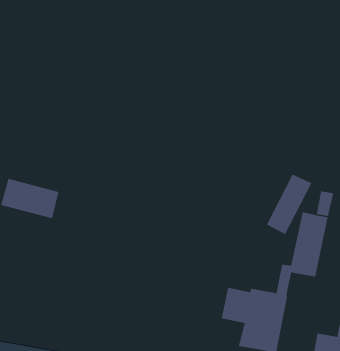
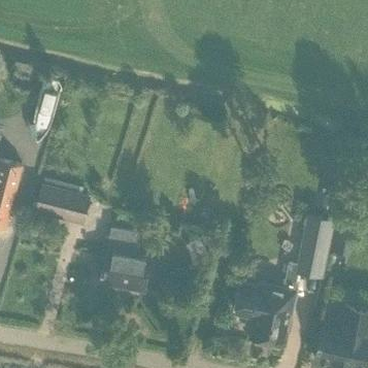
building: [266,173,312,235] -> none
building: none -> [101,229,150,291]

